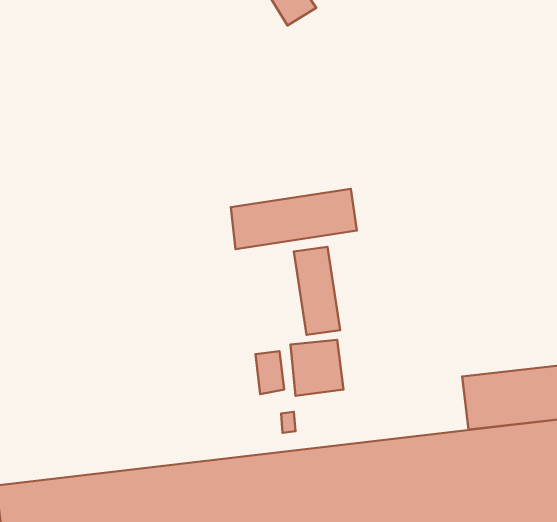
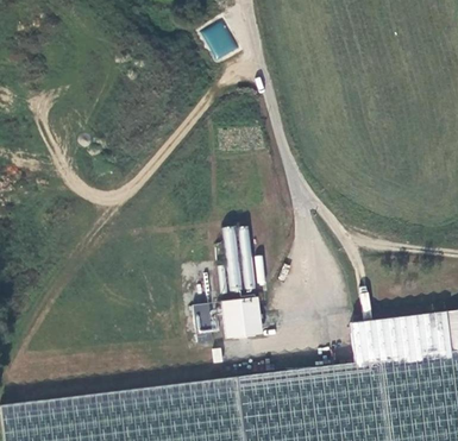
building: [231,189,357,249] -> none

